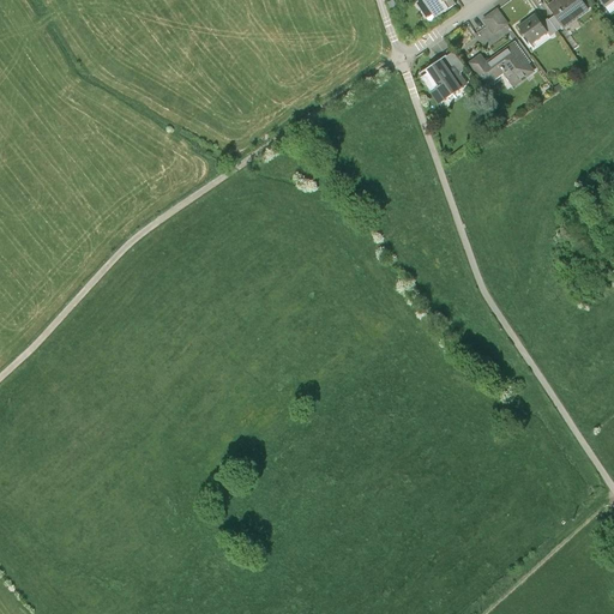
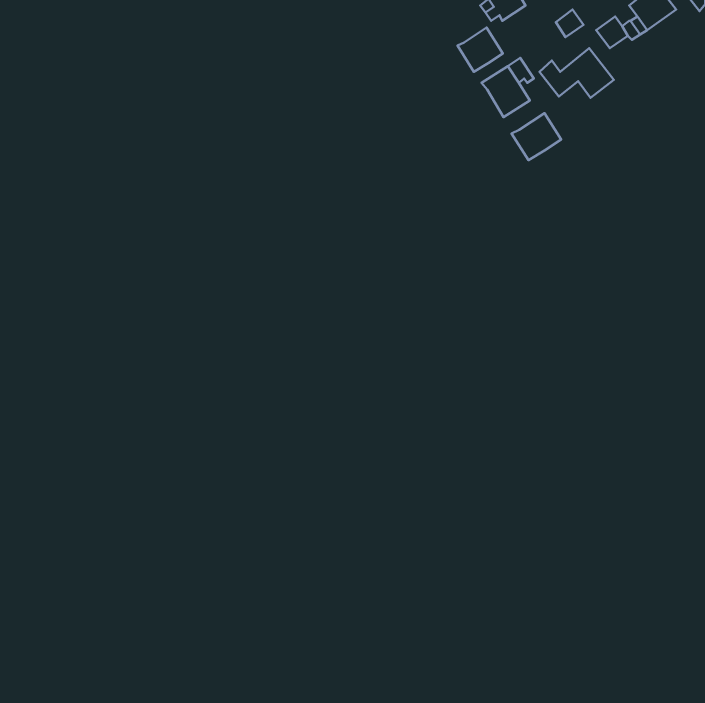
building: none -> [457,28,503,72]
building: none -> [512,113,561,160]

